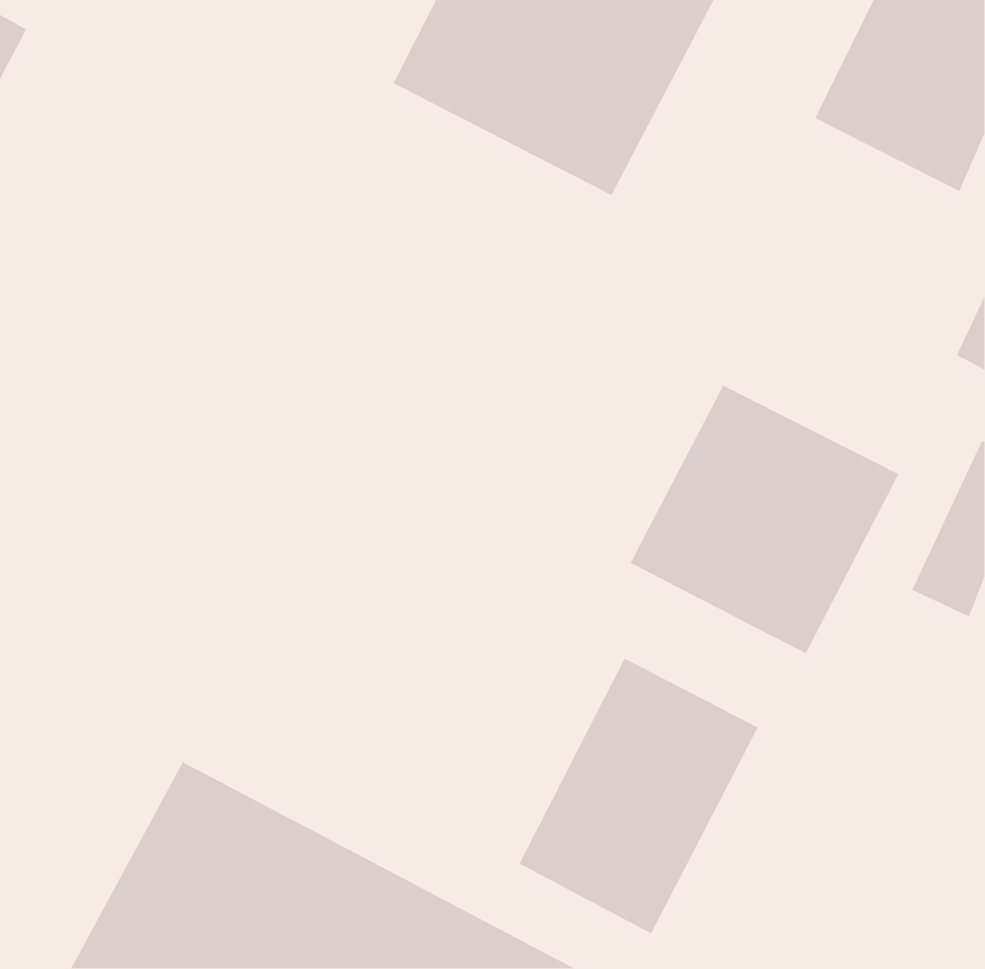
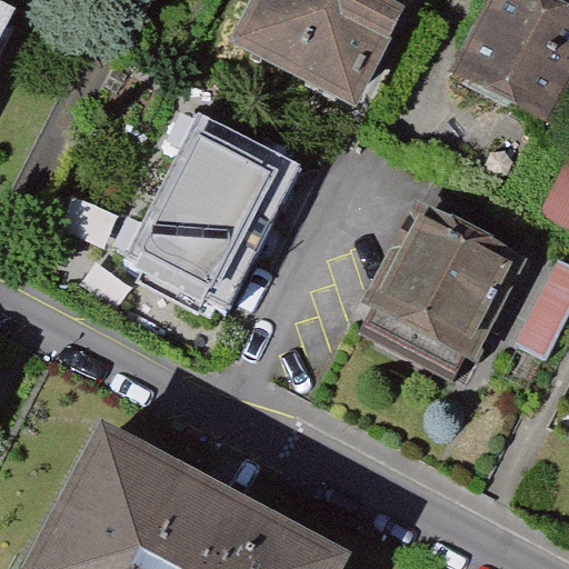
building: none -> [123,99,320,315]
building: [518,658,759,935] -> none

